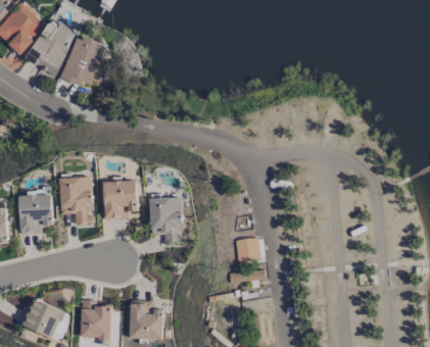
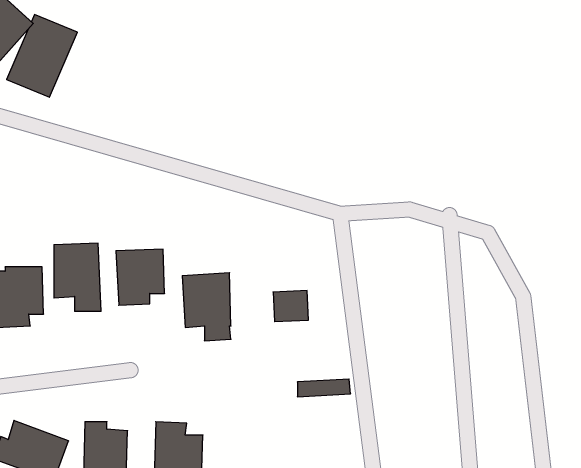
building: [60,36,106,87] -> none
building: [235,239,259,260] -> [273,291,308,322]

